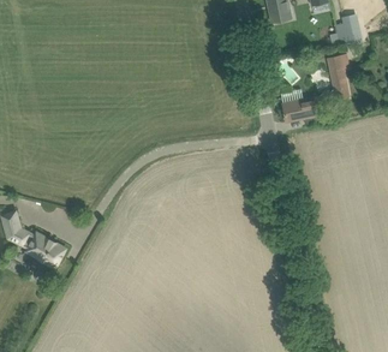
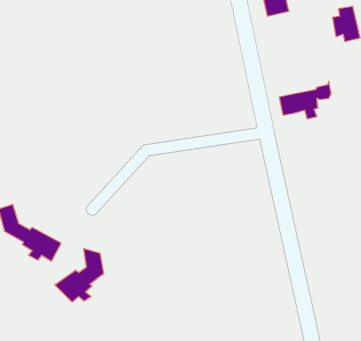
building: [326,53,350,100] -> none
building: none -> [55,248,104,302]

